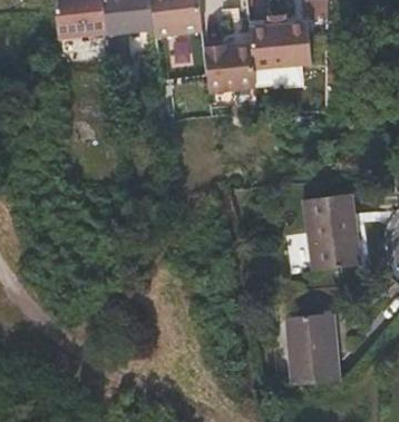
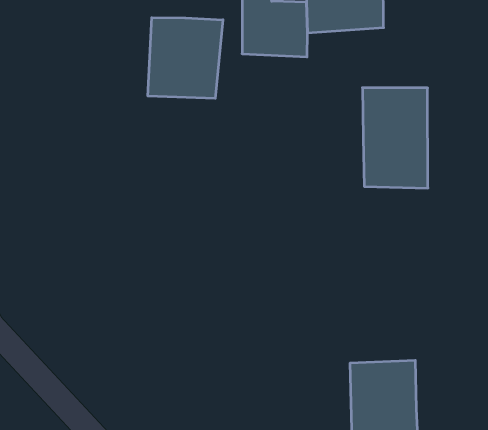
building: none -> [148,18,223,98]
building: [311,195,364,271] -> [362,88,428,188]

